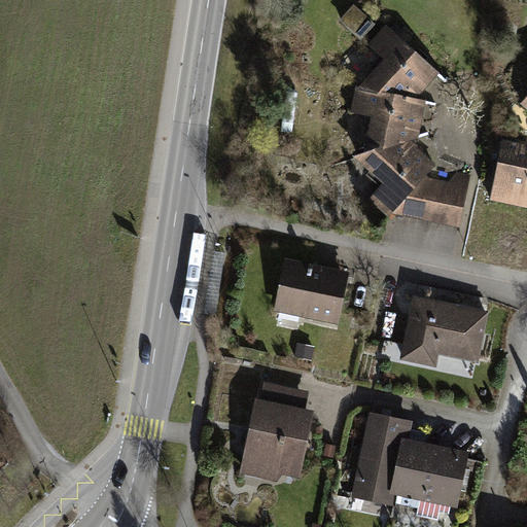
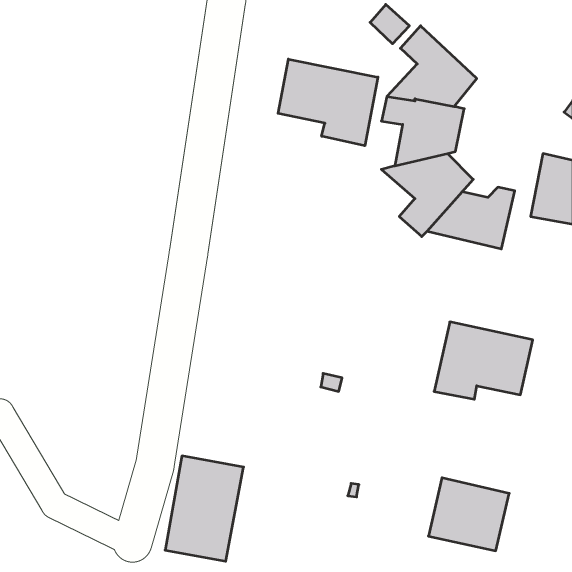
building: none -> [278,59,378,146]
building: [274,259,350,325] -> none
building: [241,385,313,482] -> [165,456,244,561]
building: [346,410,412,507] -> none

